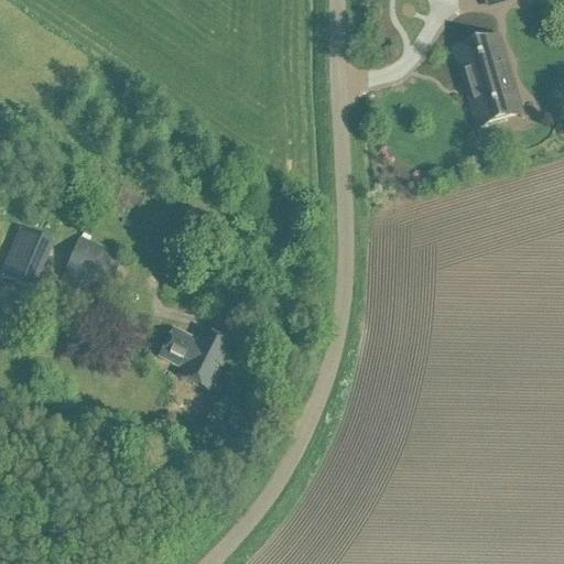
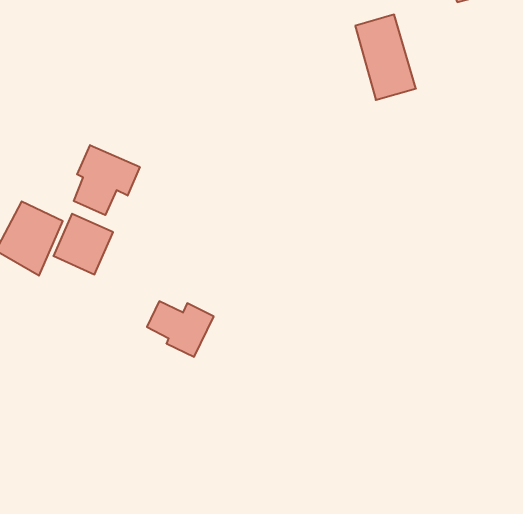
building: [458,35,523,127] -> [355,15,416,100]
building: none -> [74,145,140,215]

